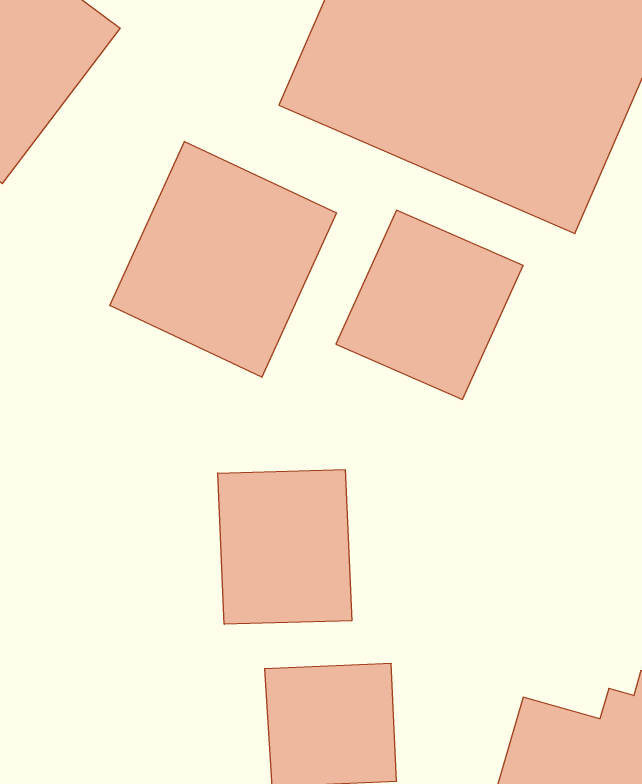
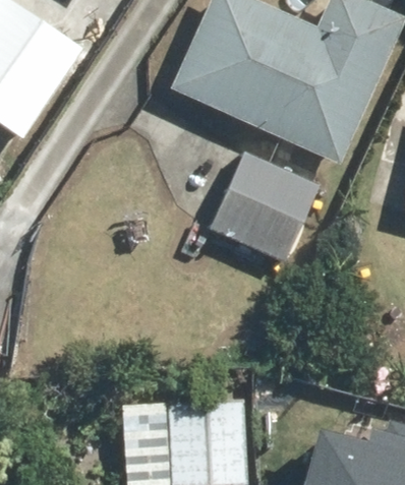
building: [110,141,336,377] -> none
building: [218,470,352,624] -> none

